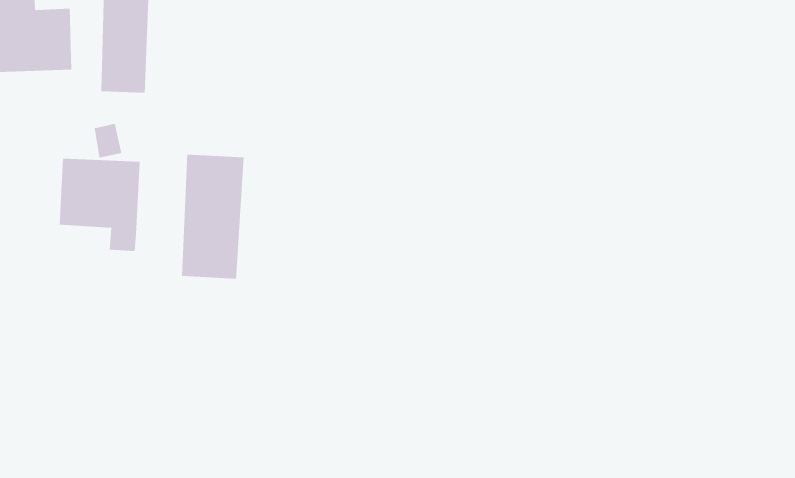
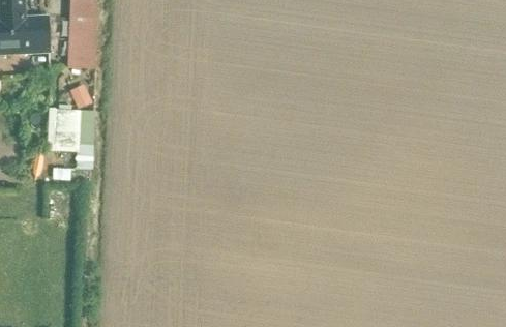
building: [181,154,244,279] -> none

